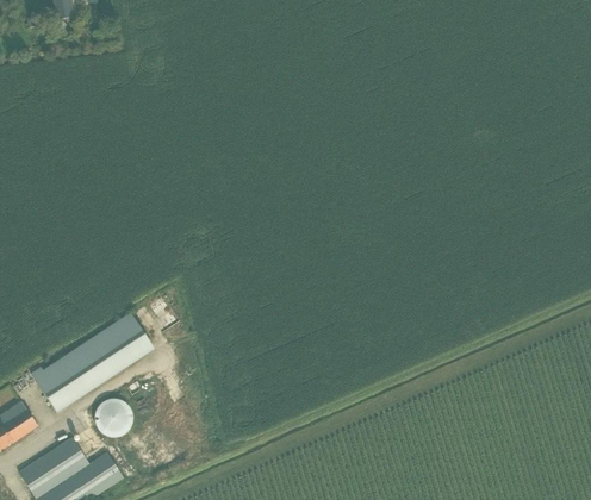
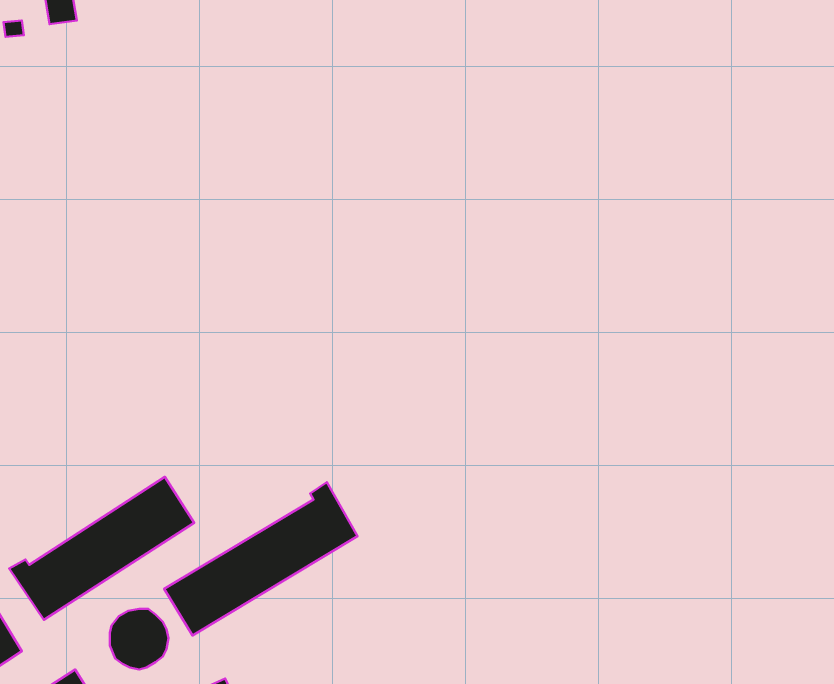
building: none -> [164,482,358,635]

